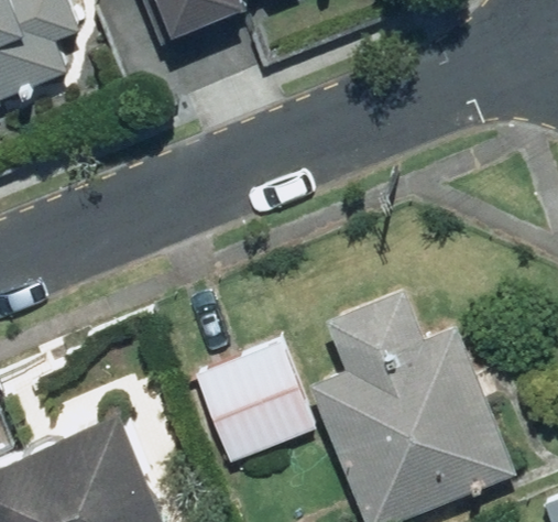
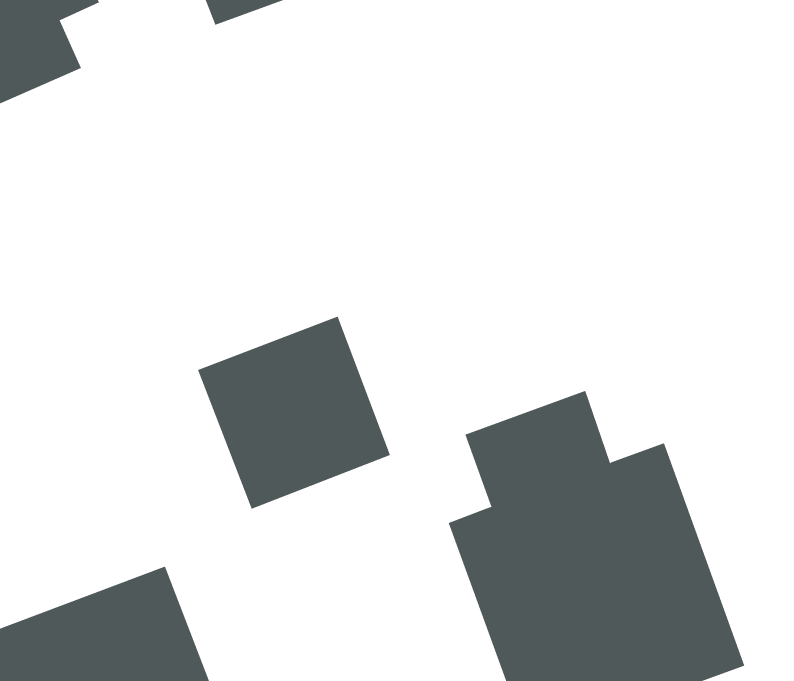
building: [186,341,316,471] -> [197,316,391,509]

